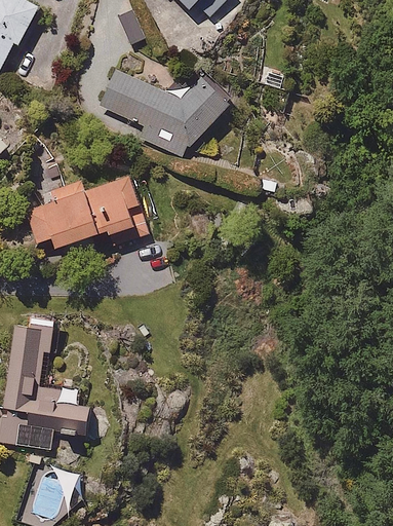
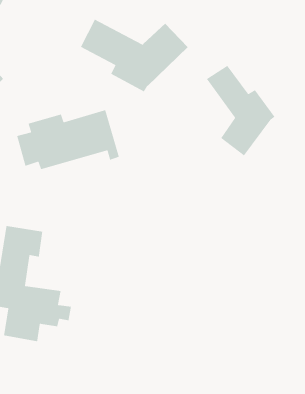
building: none -> [206,65,276,157]

